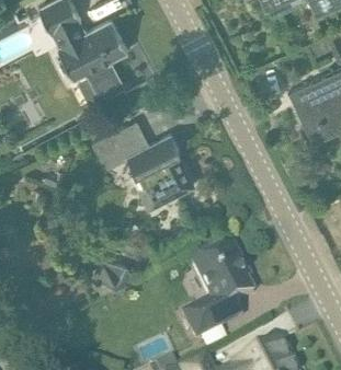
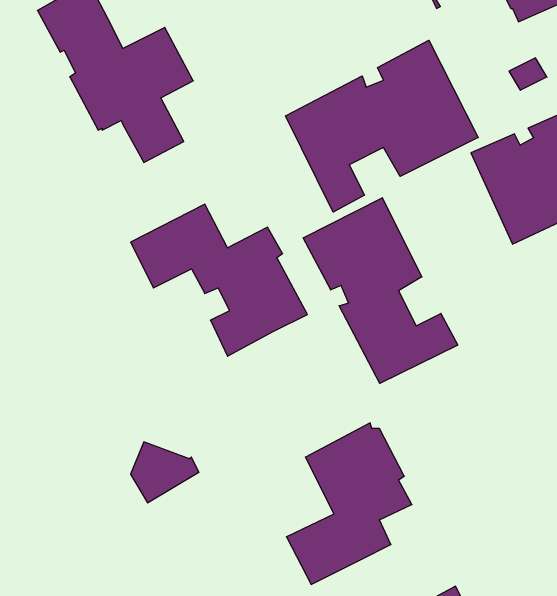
building: none -> [286,40,478,212]
building: none -> [303,198,458,383]

